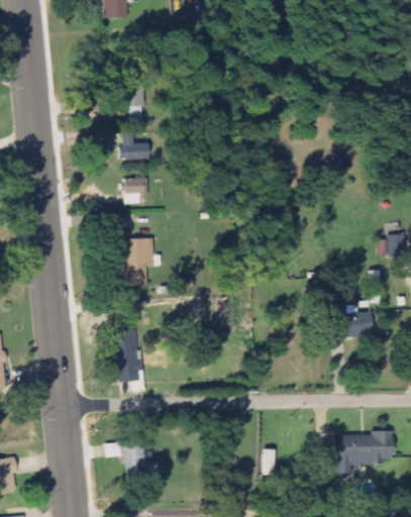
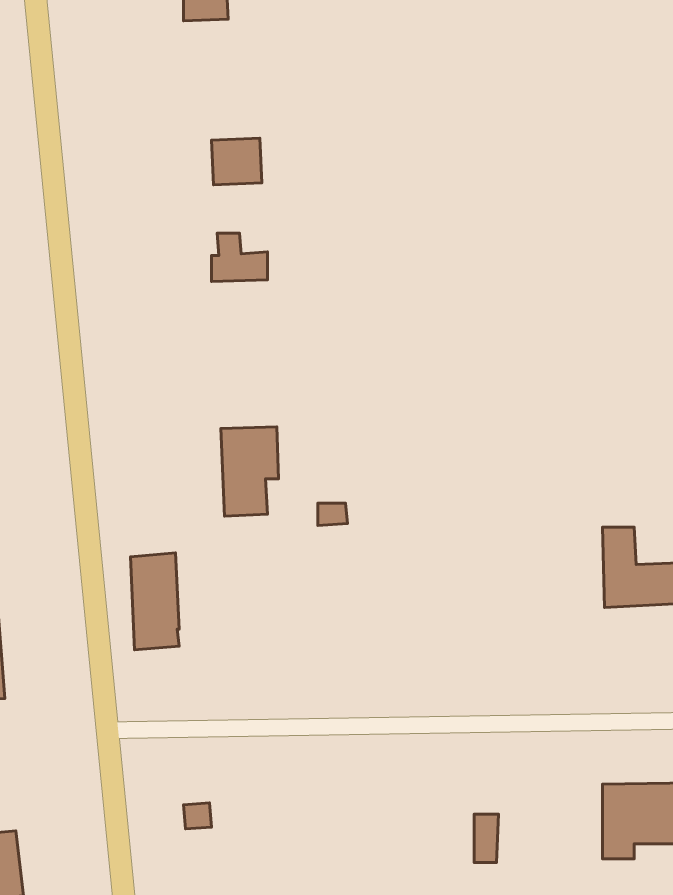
building: [123,179,148,204] -> none
building: [113,330,139,383] -> [131,553,179,650]
building: [124,437,158,479] -> none

